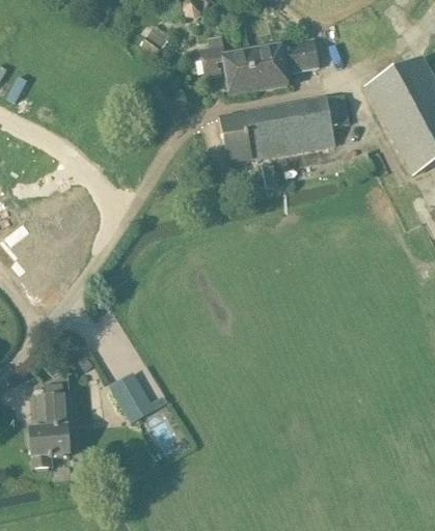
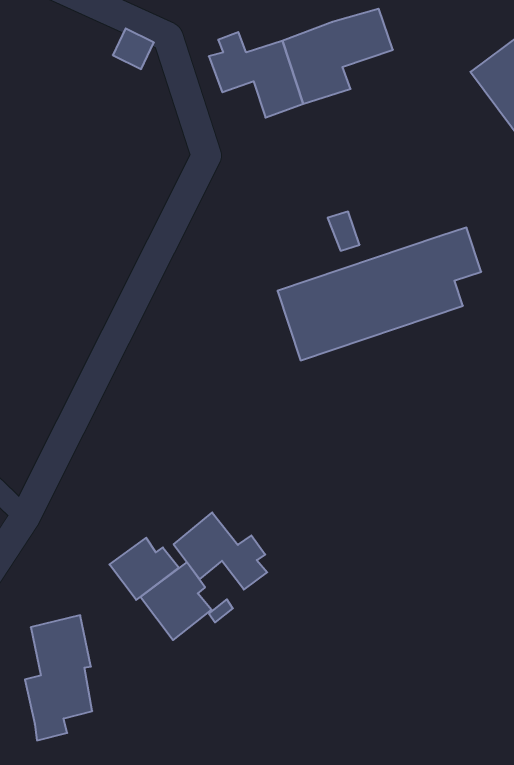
building: [219,94,349,163] -> [277,228,481,360]
building: none -> [174,512,267,590]
building: none -> [109,538,179,600]

